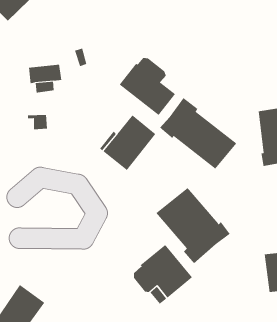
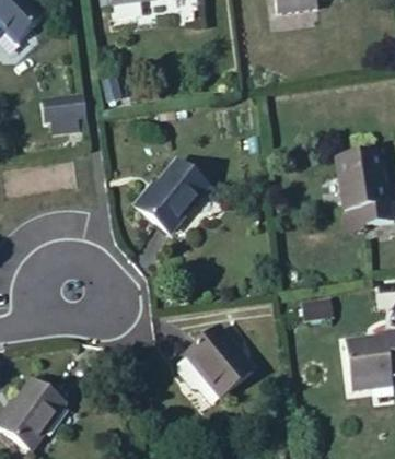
building: [119,57,176,116] -> none
building: [159,97,237,169] -> none
building: [156,187,230,264] -> none

